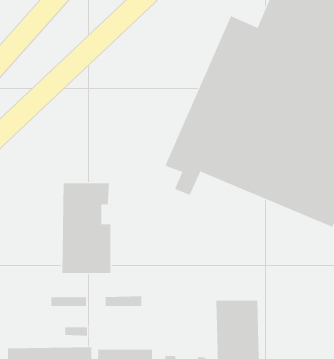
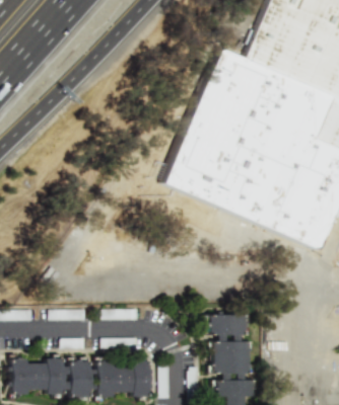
building: [62,182,111,274] -> none

